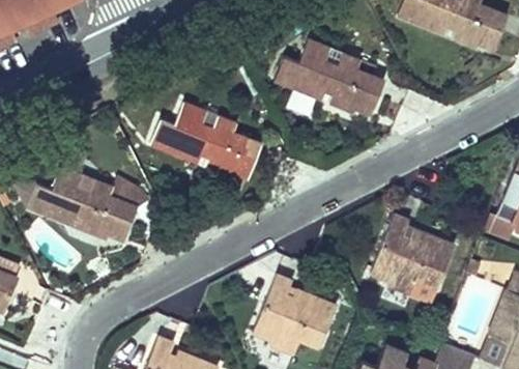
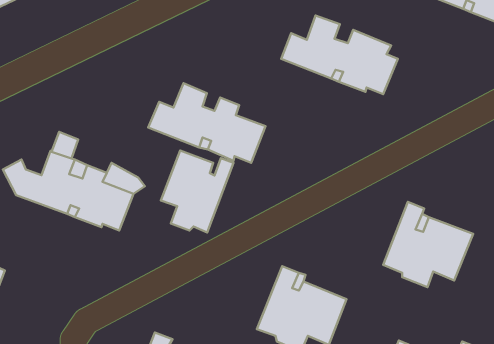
building: none -> [161,151,234,233]

